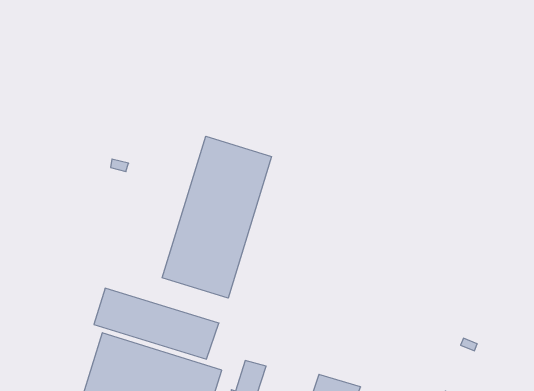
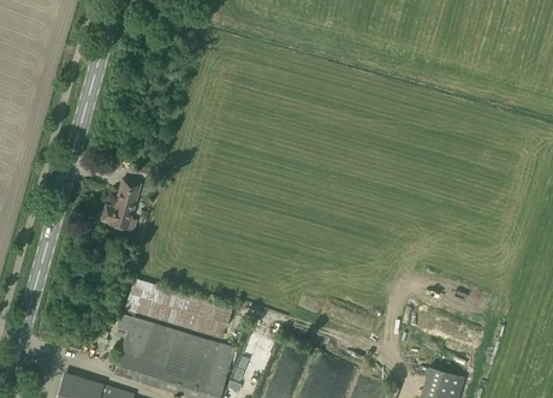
building: [162,136,272,298] -> none
building: none -> [102,178,142,231]

